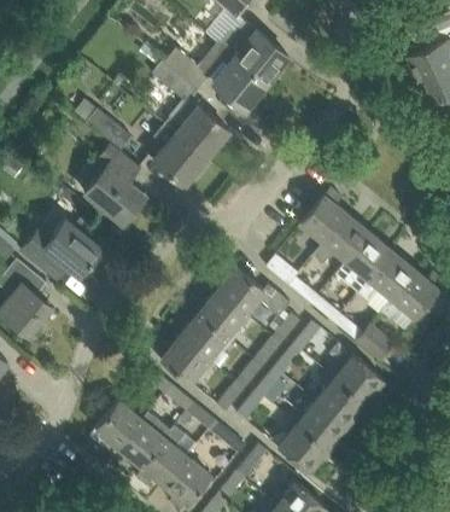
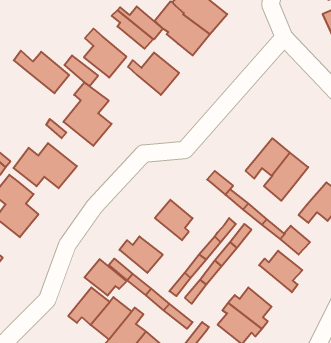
building: none -> [14,51,69,93]
building: [153,124,206,186] -> [84,29,126,78]
building: [300,188,346,242] -> none
building: [357,250,414,302] -> none
building: [218,262,291,316] -> none
building: [180,314,233,360] -> [84,259,127,296]
building: [316,373,370,425] -> none

